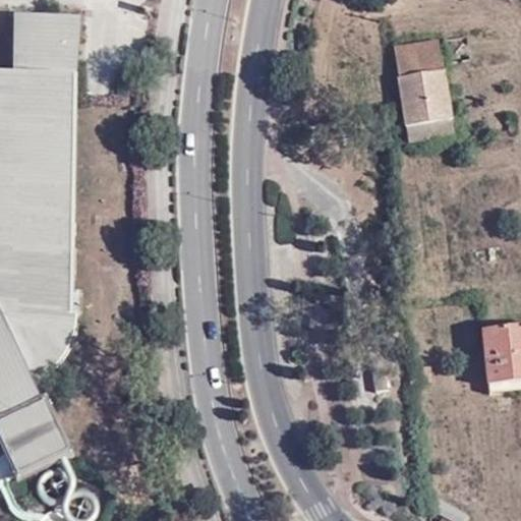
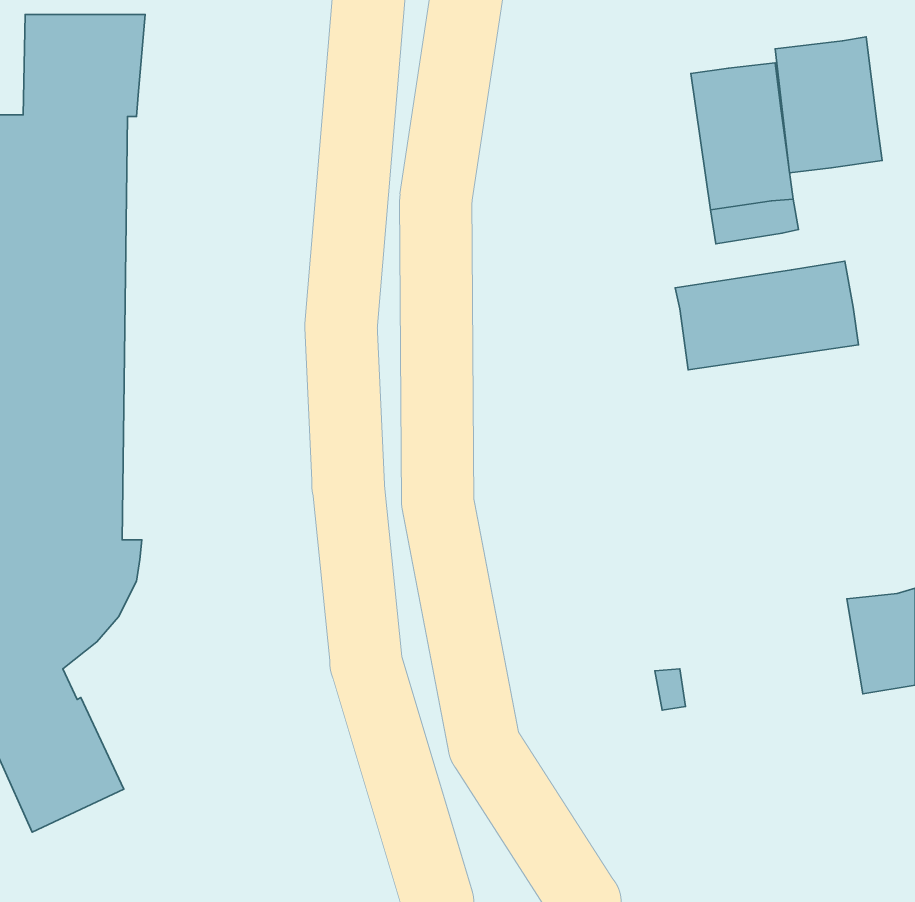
building: none -> [775,37,882,173]
building: none -> [675,261,858,370]

